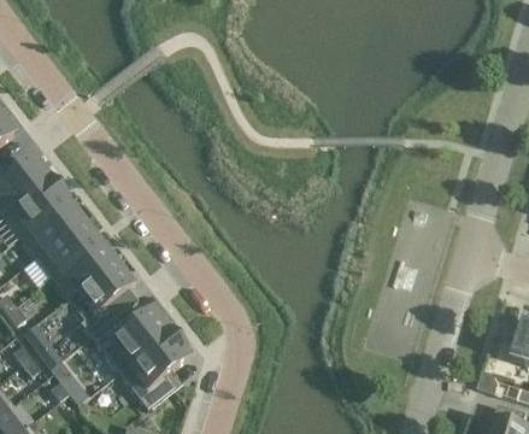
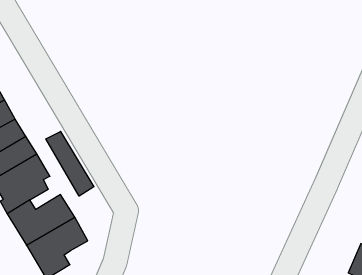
building: none -> [46,131,94,196]

